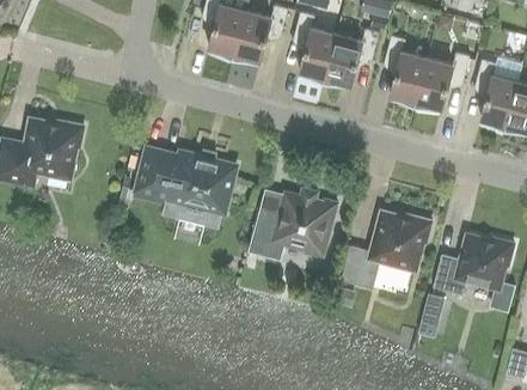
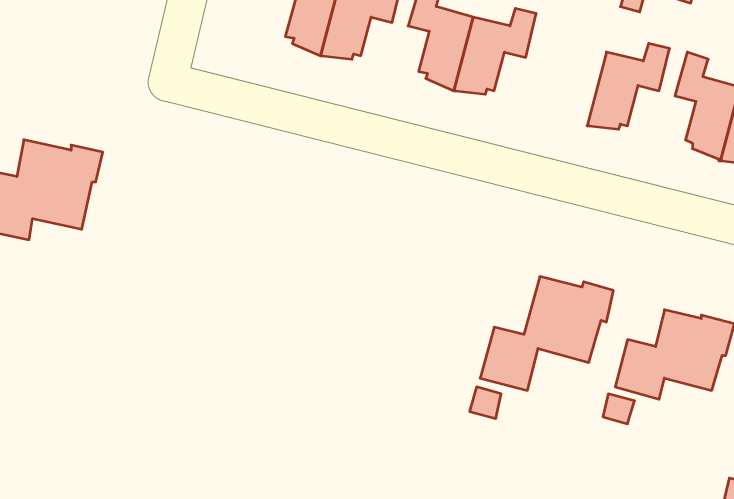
building: [382,35,427,108] -> none
building: [134,147,235,227] -> none
building: [247,190,337,260] -> none

